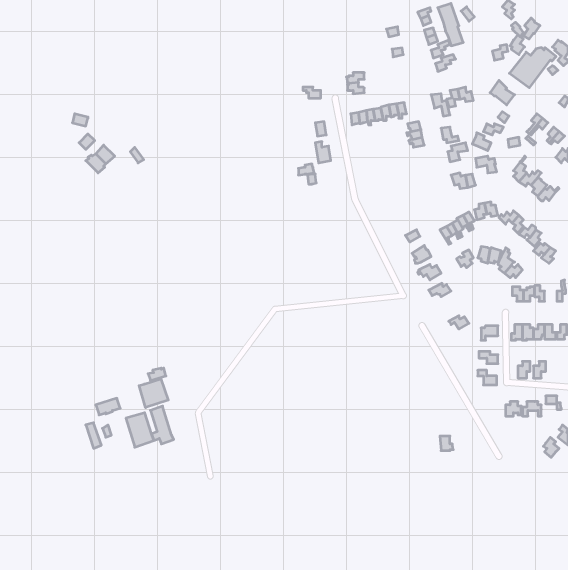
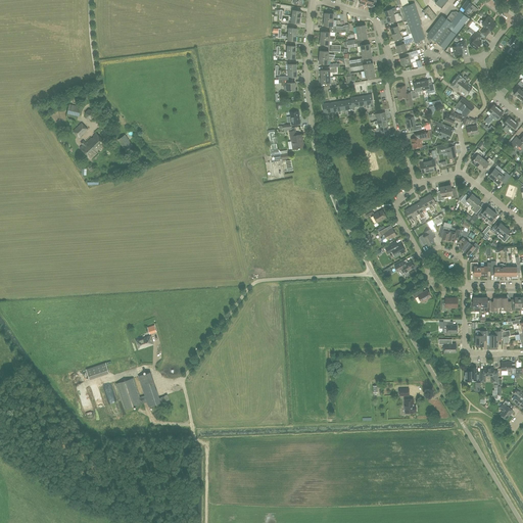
building: [509,48,556,88] -> [426,11,469,48]
building: [139,379,168,408] -> none

